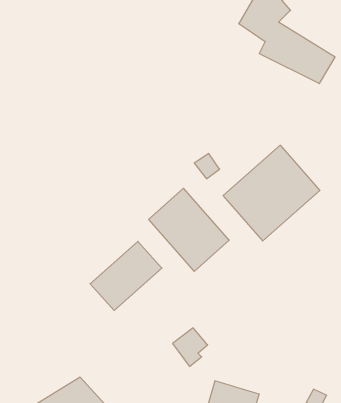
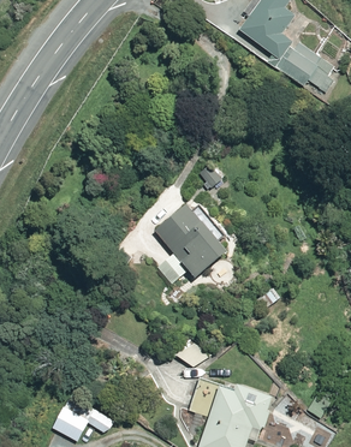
building: [223,145,320,241] -> none
building: [90,241,162,310] -> none

